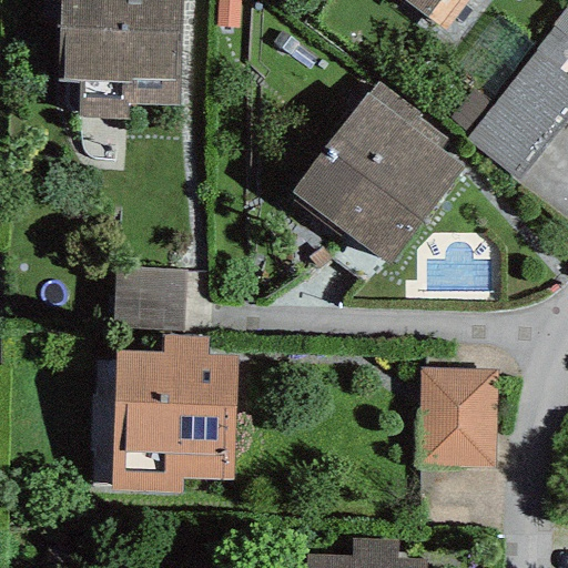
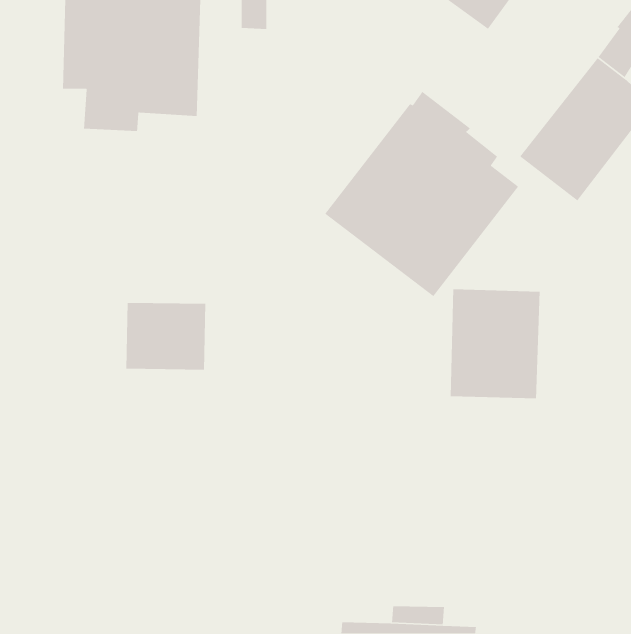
building: [113,336,237,494] -> none
building: [418,367,499,466] -> [450,289,541,399]

